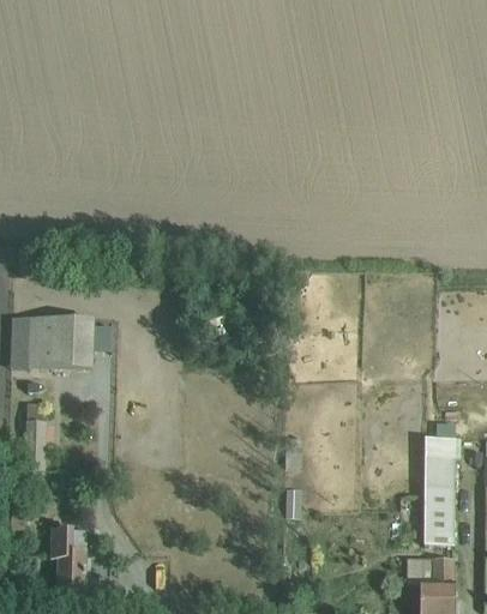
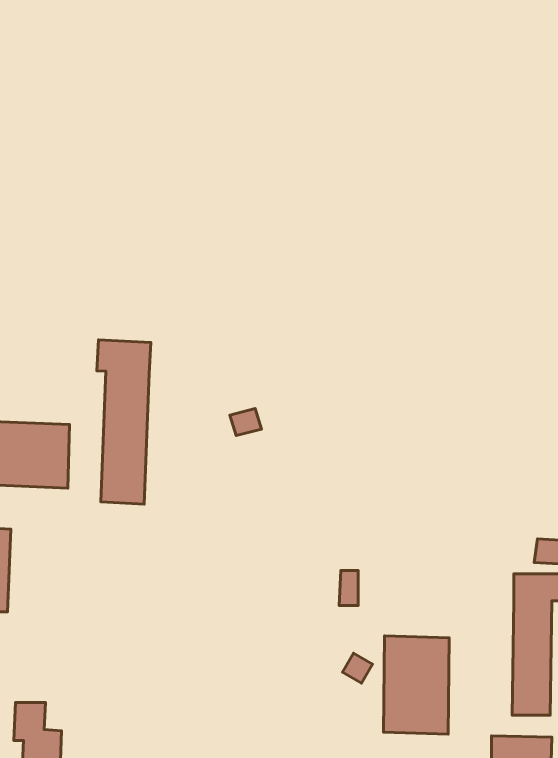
building: none -> [97,340,151,504]
building: none -> [383,636,449,734]

